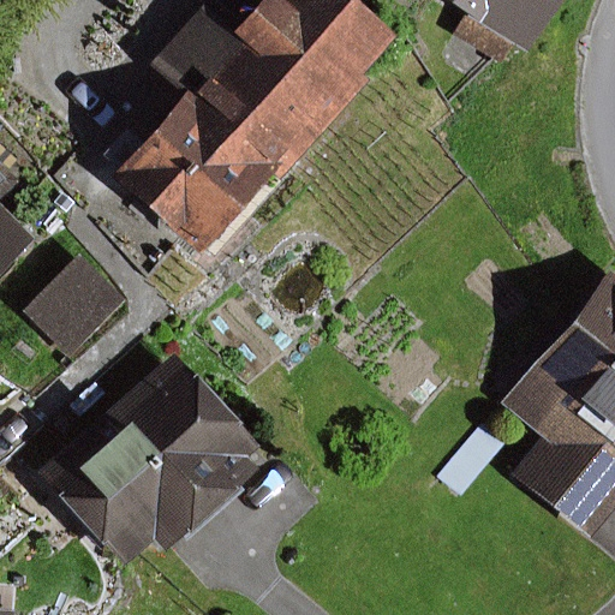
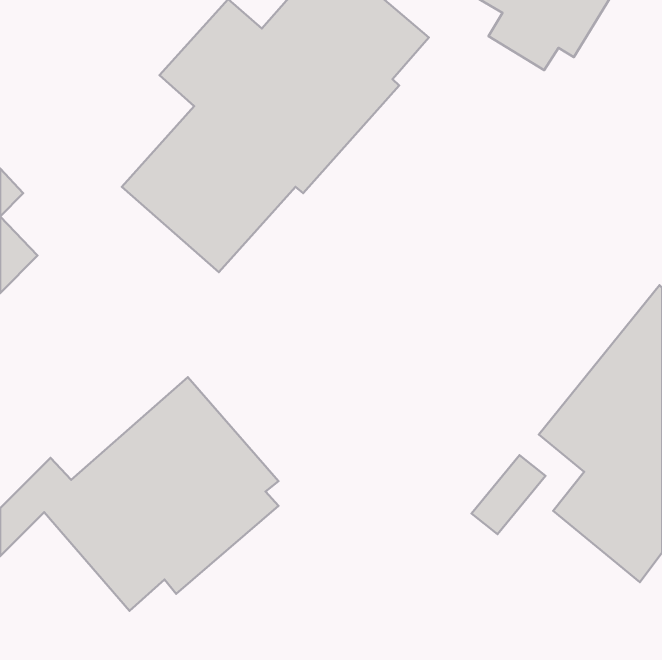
building: [23,253,126,357] -> none

